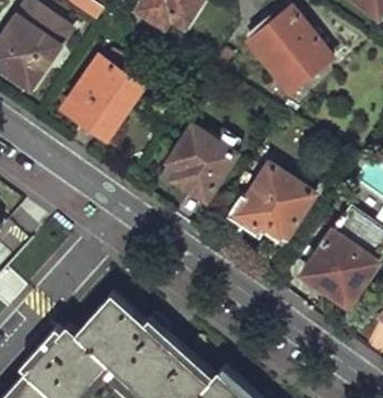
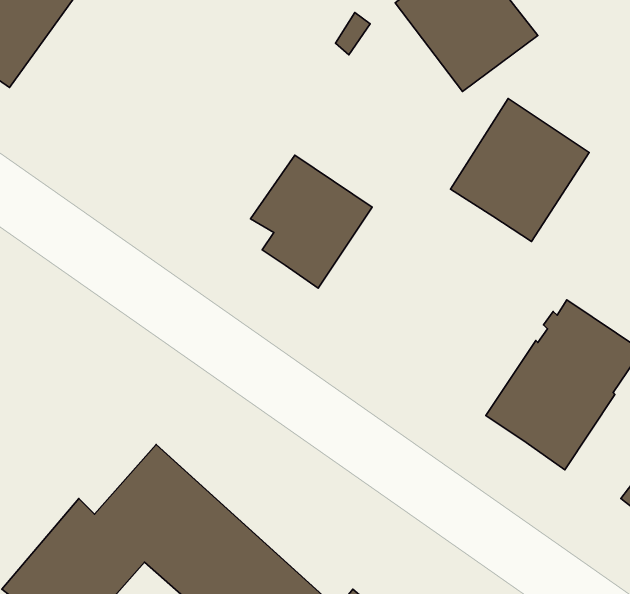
building: [62,58,136,138] -> none
building: [233,167,312,248] -> [450,99,589,241]

